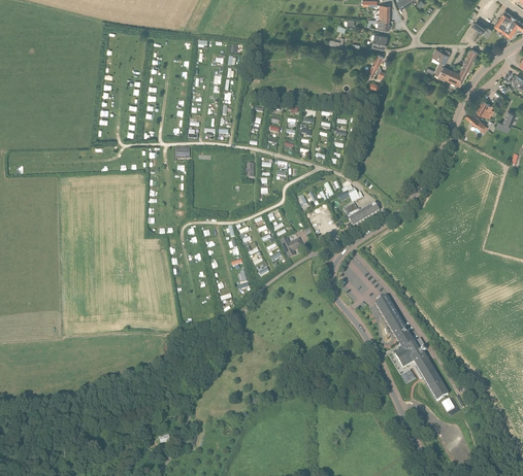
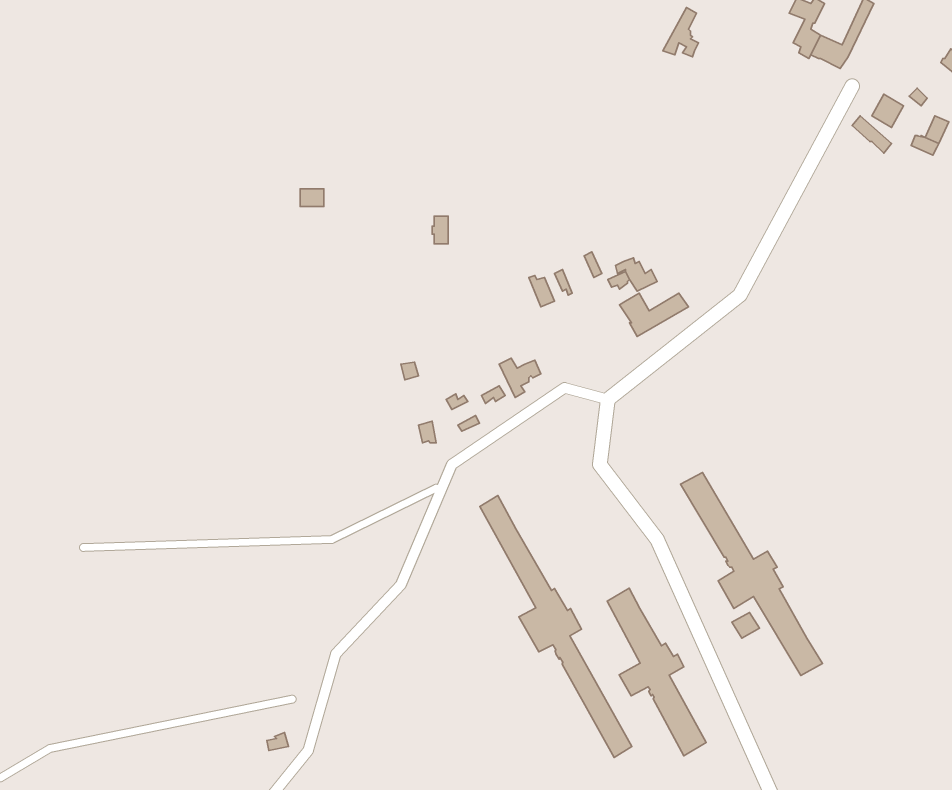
building: none -> [480,495,632,758]
building: none -> [607,588,706,756]

